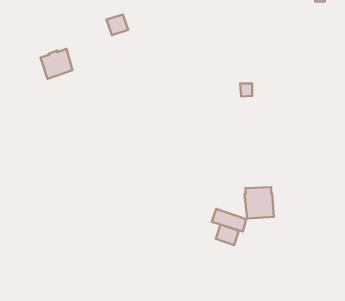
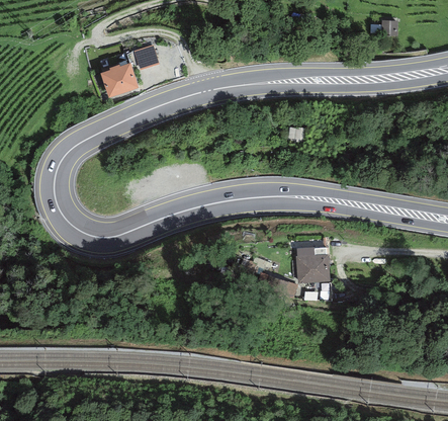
building: [41,49,73,79] -> [100,62,138,97]
building: [216,225,239,245] -> none

